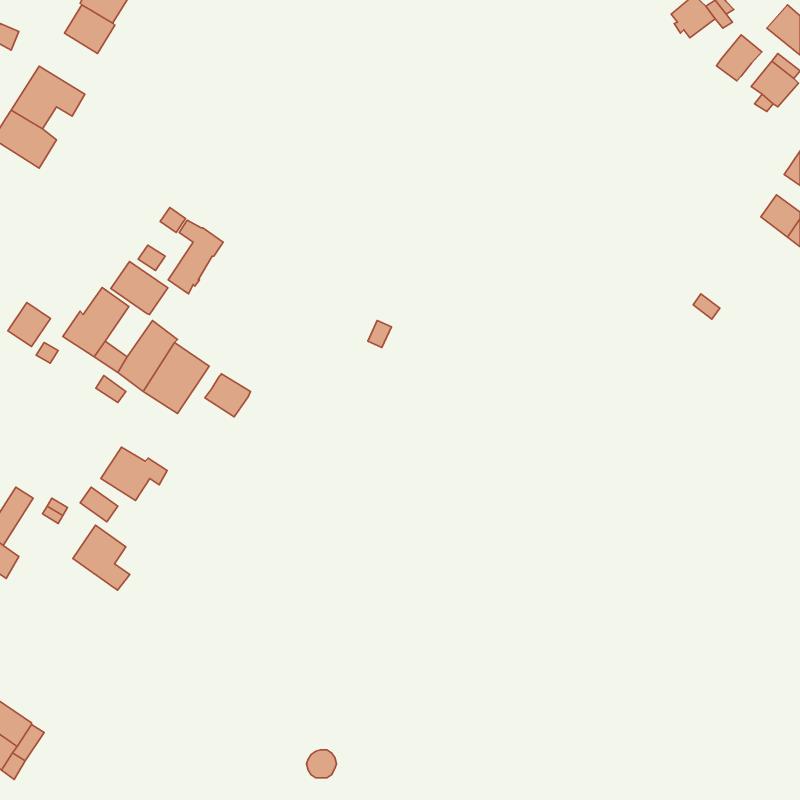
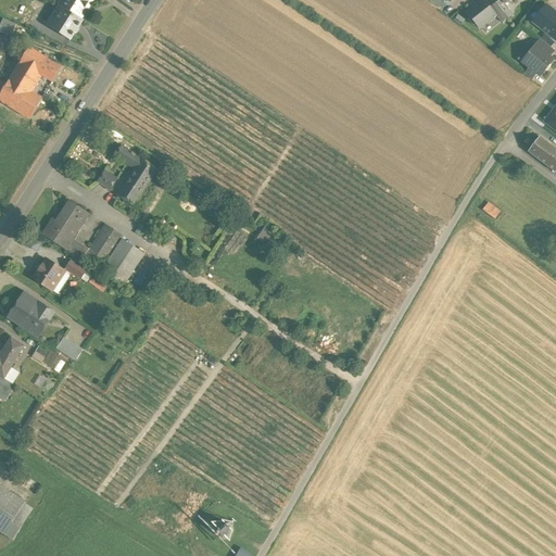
building: [716,35,762,81] -> none
building: [111,262,168,315] -> none
building: [8,303,50,347] -> [35,260,64,290]
building: [205,374,251,417] -> none
building: [101,447,167,500] -> [8,295,53,332]
building: [73,525,130,590] -> none

